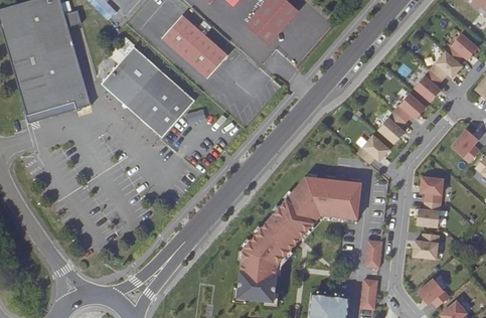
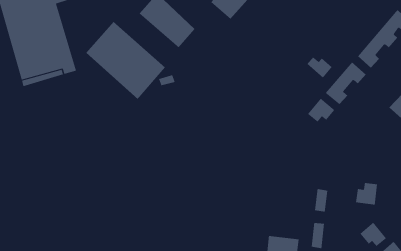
building: none -> [306,56,333,78]
building: [236,176,361,301] -> none
building: [417,176,443,226] -> none

